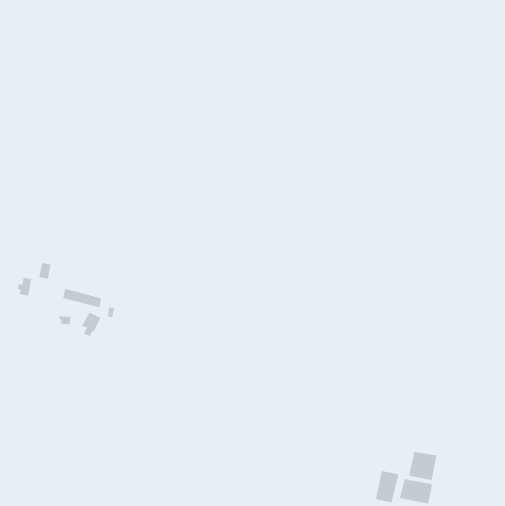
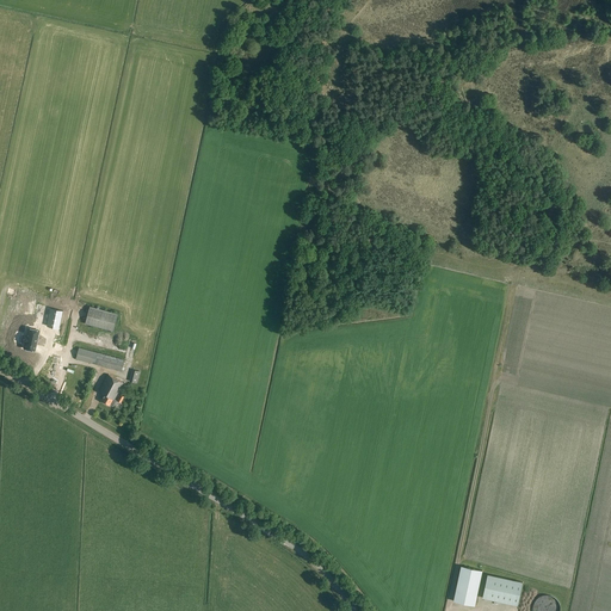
building: none -> [84,306,117,332]
building: [409,451,437,481] -> none

